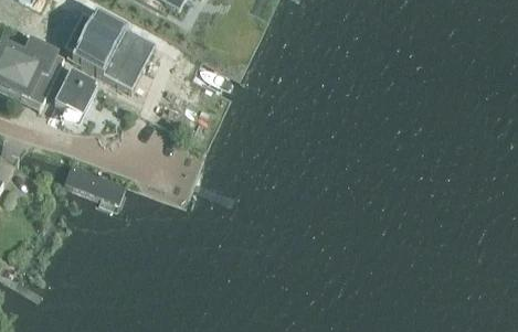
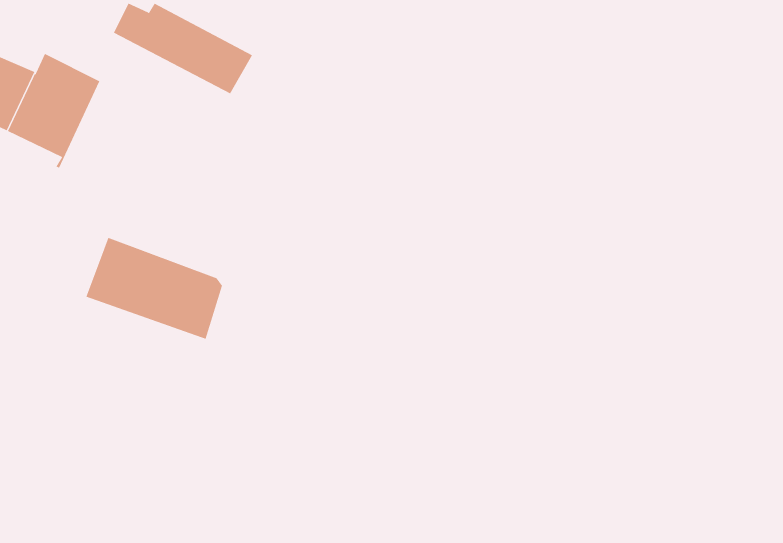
building: [61,29,140,88] -> none
building: [53,72,95,111] -> none

